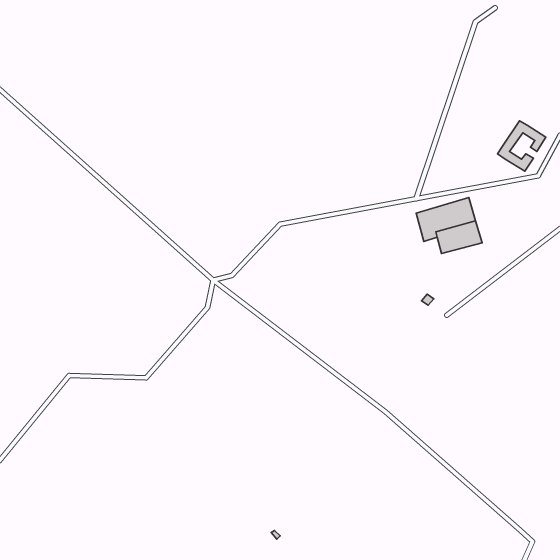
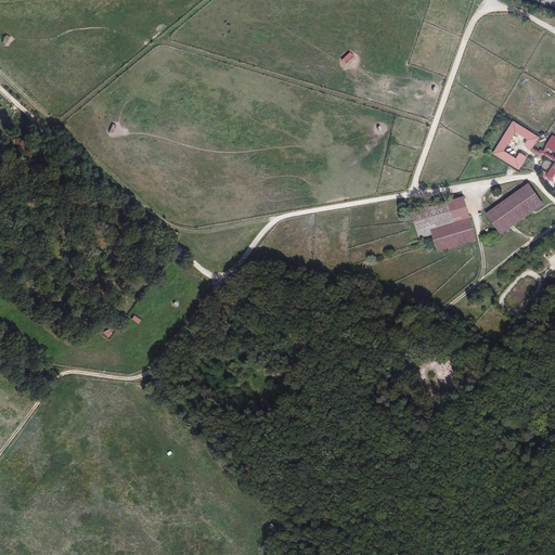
building: none -> [486,184,543,235]

